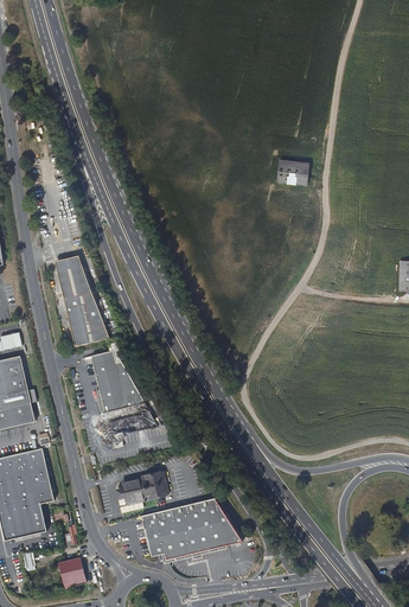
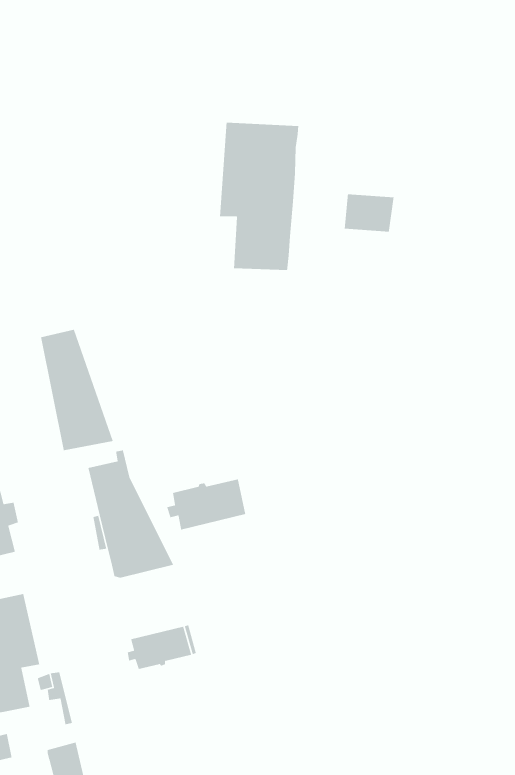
building: none -> [219,122,299,271]
building: none -> [166,478,246,530]
building: [140,496,241,557] -> none

